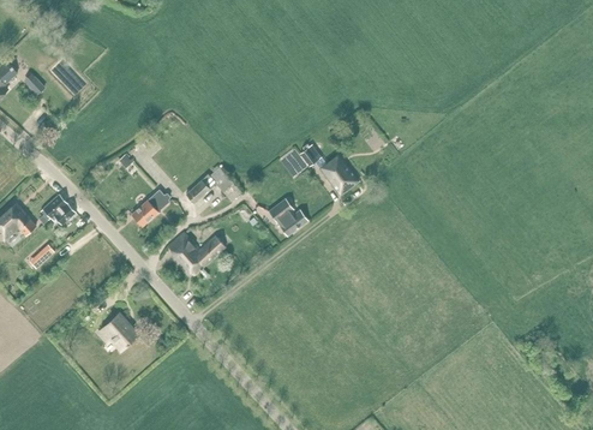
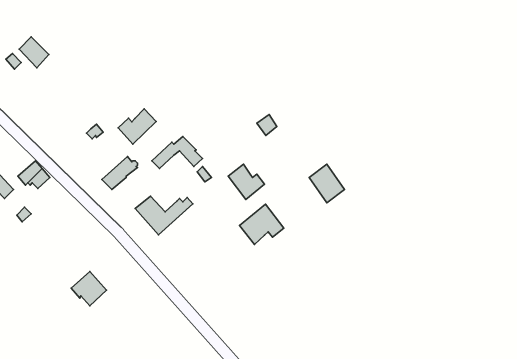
building: none -> [118,109,156,144]
building: [321,154,359,196] -> [309,164,345,203]
building: none -> [239,204,284,245]

